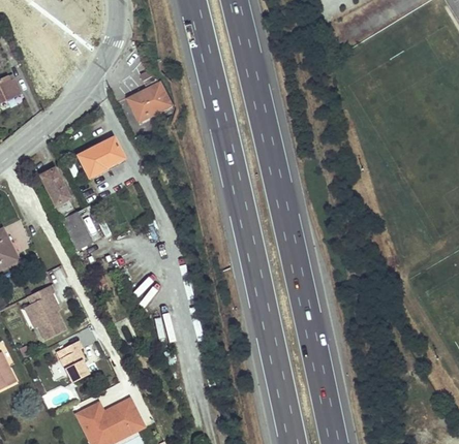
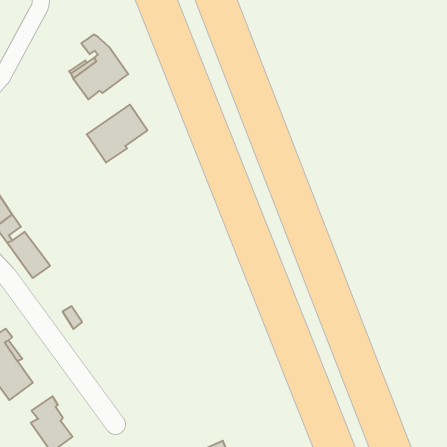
building: [78,136,124,178] -> [87,105,147,163]

